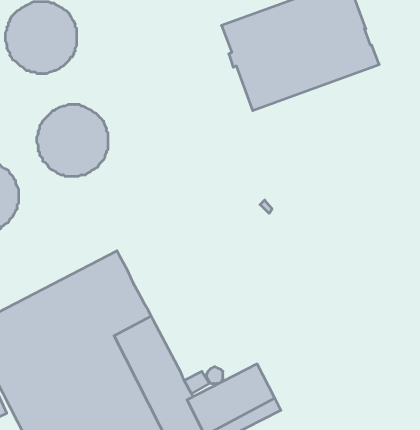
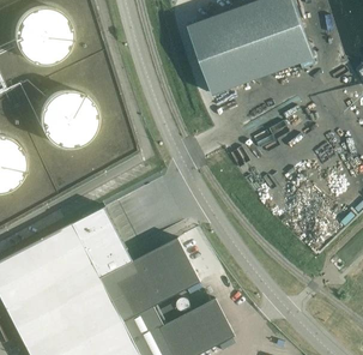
building: none -> [131,239,199,306]

